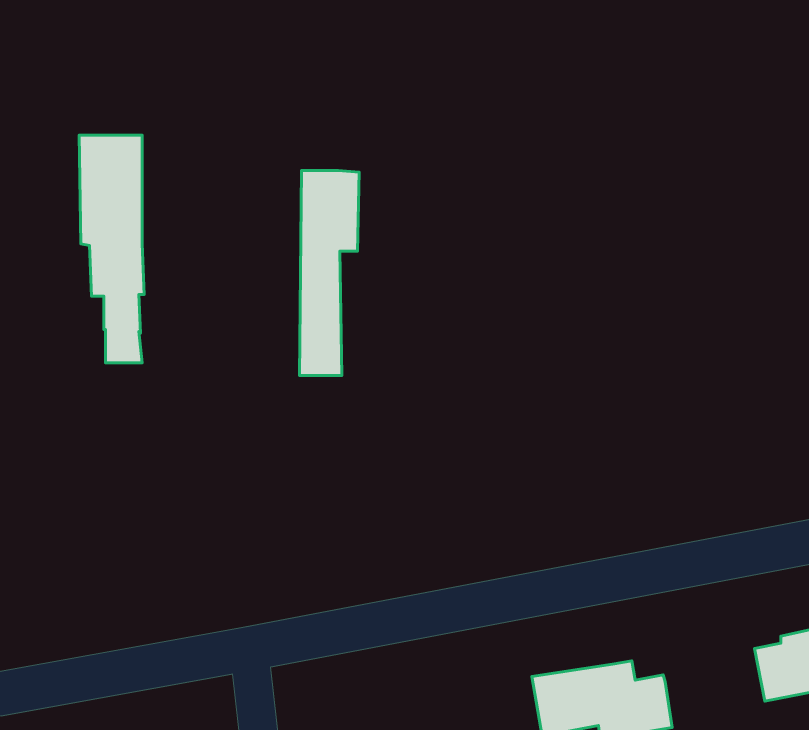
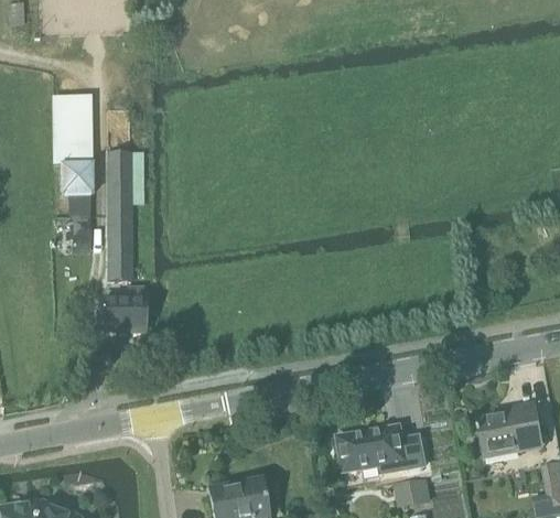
building: [300,171,359,376] -> [107,152,144,281]
building: none -> [101,287,143,332]

